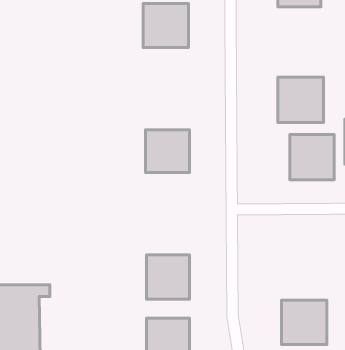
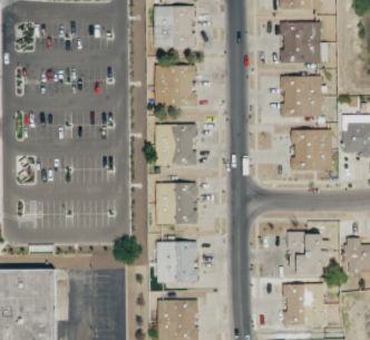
building: none -> [280,21,328,65]
building: none -> [156,65,196,108]
building: none -> [157,183,197,224]
building: none -> [288,234,330,274]

